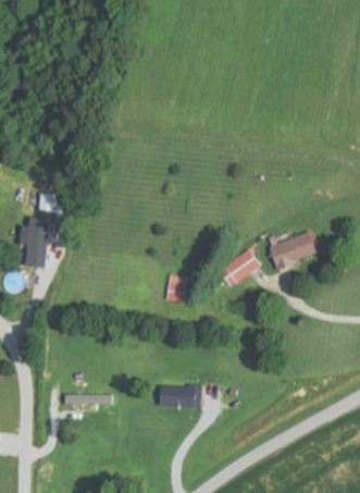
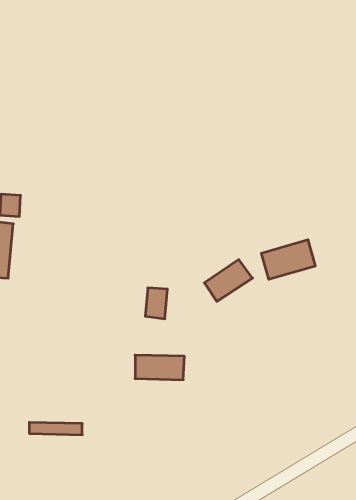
building: [159,384,202,406] -> [135,355,184,380]

